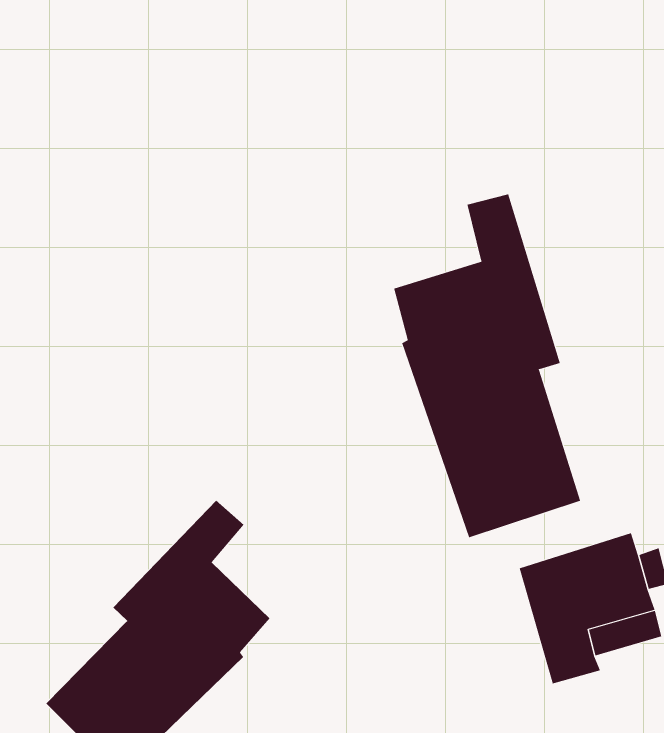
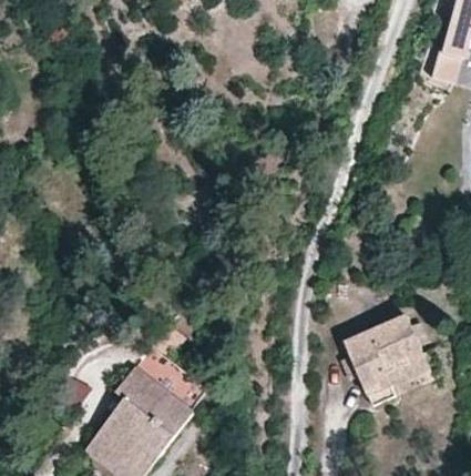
building: [394,193,581,538] -> none

